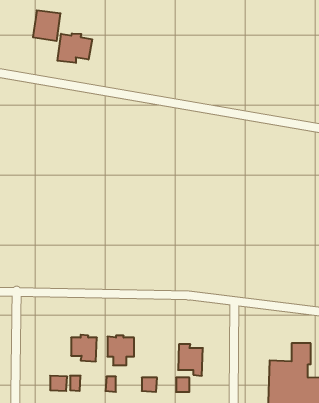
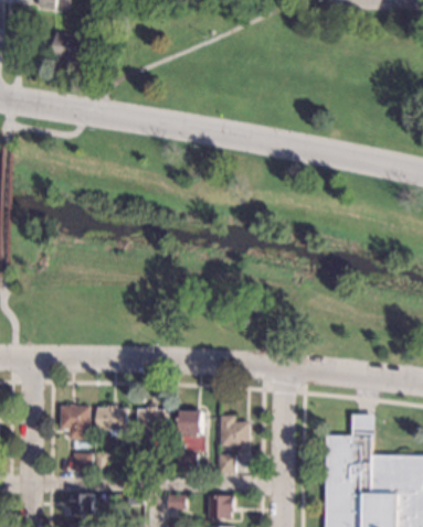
building: [57,33,92,63] -> none
building: none -> [60,404,89,440]
building: none -> [180,411,201,438]

